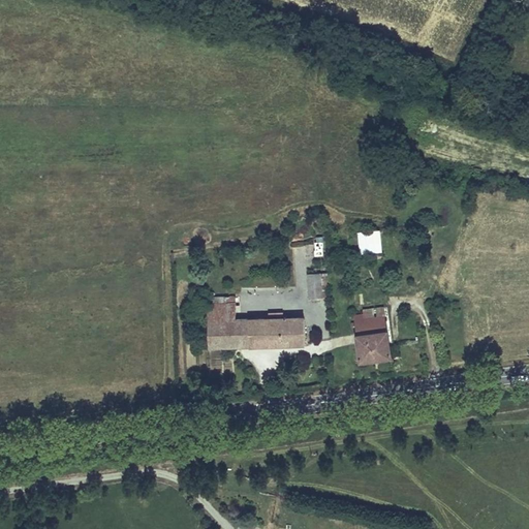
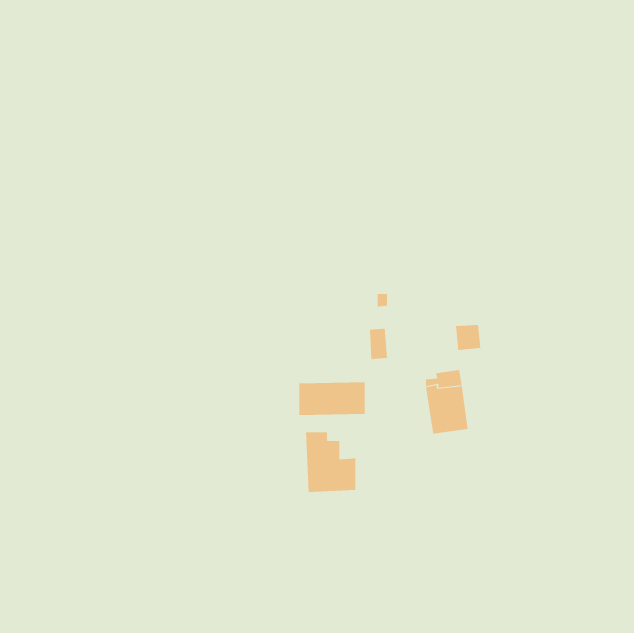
building: [359,234,380,255] -> [455,324,481,351]
building: [206,299,248,349] -> [305,432,356,493]

